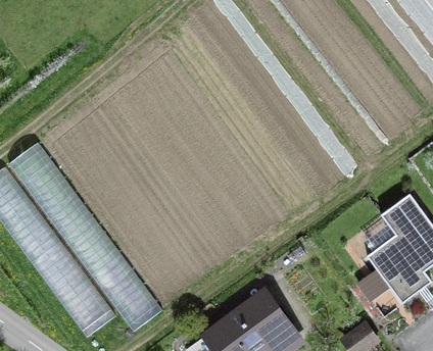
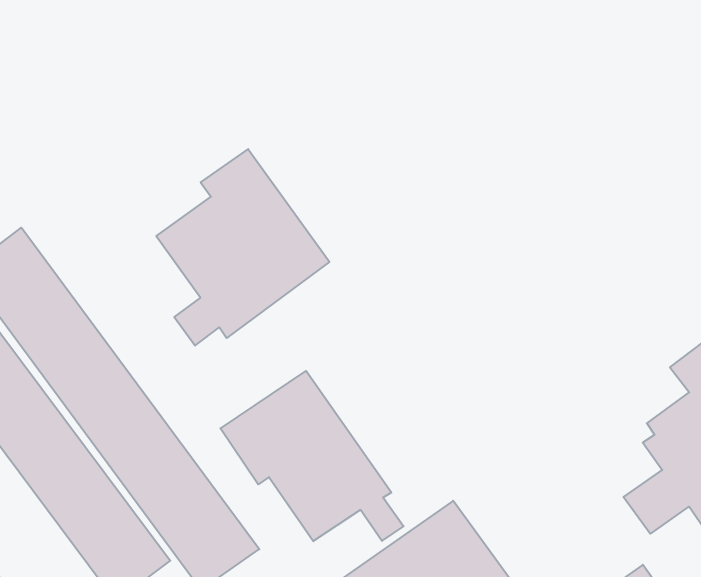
building: none -> [156,149,329,346]
building: none -> [220,371,404,541]

